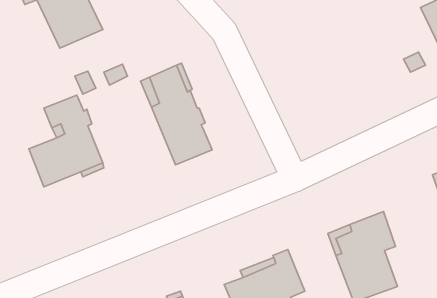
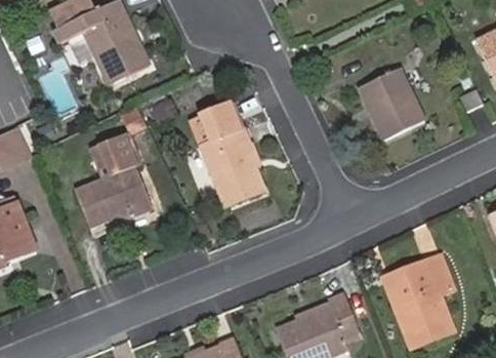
building: none -> [358,68,424,138]

